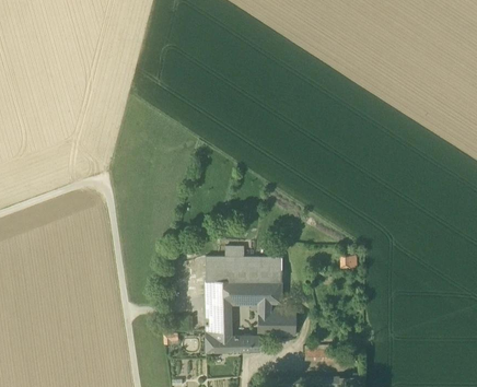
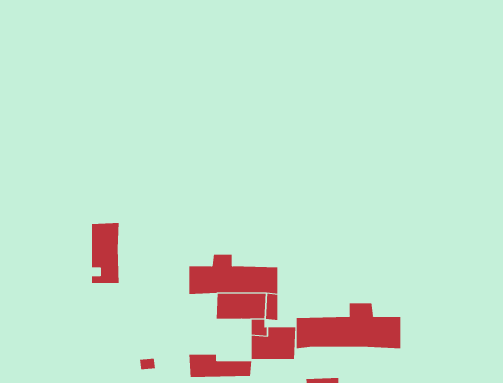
building: [206,279,230,330] -> [91,223,120,283]
building: none -> [296,302,401,349]

